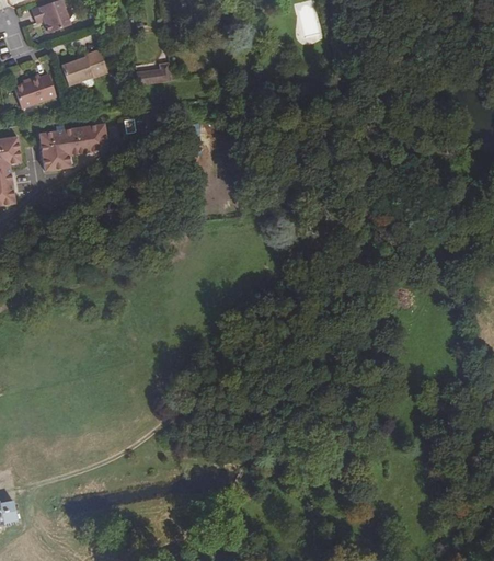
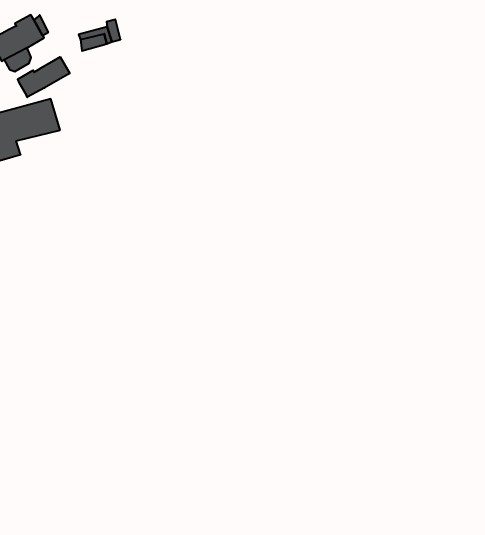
building: none -> [18,57,70,97]

